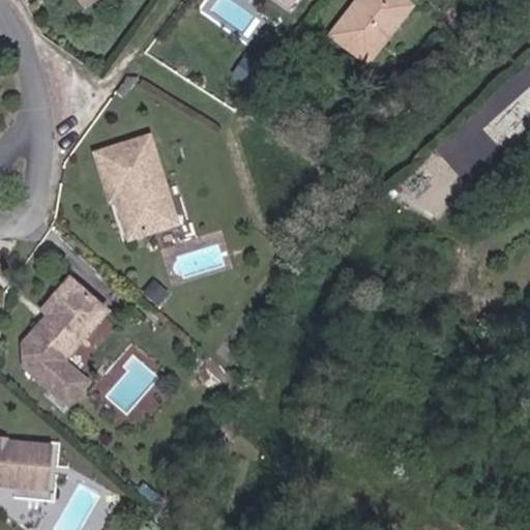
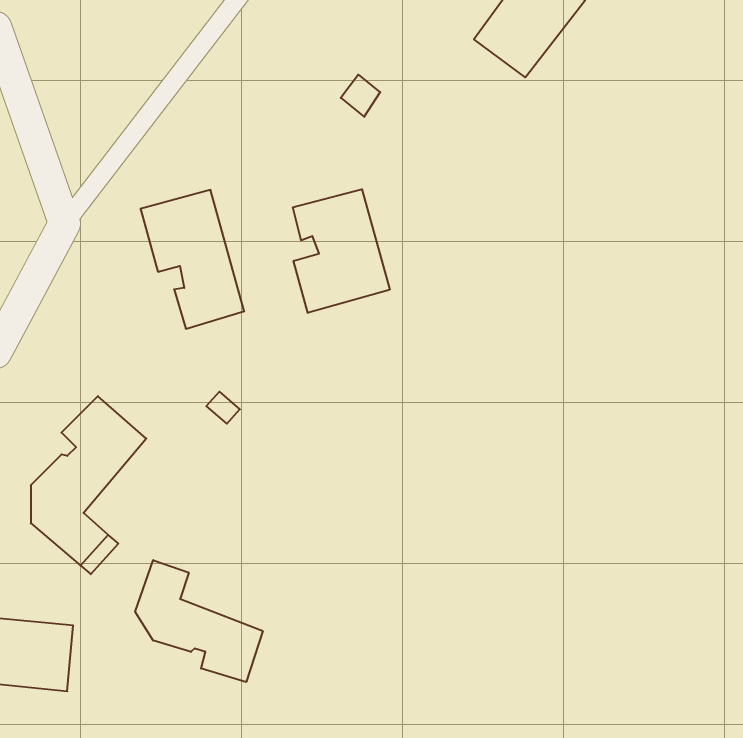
building: none -> [293,189,390,313]
building: none -> [135,560,263,682]

